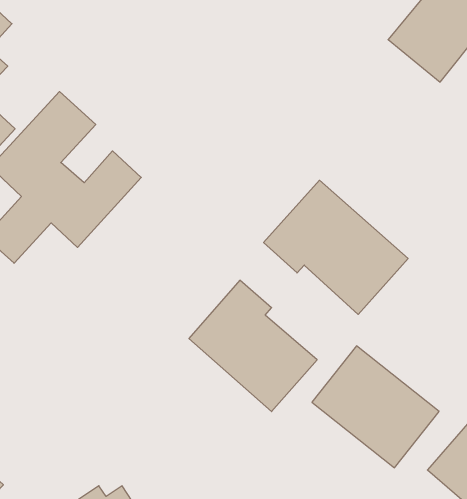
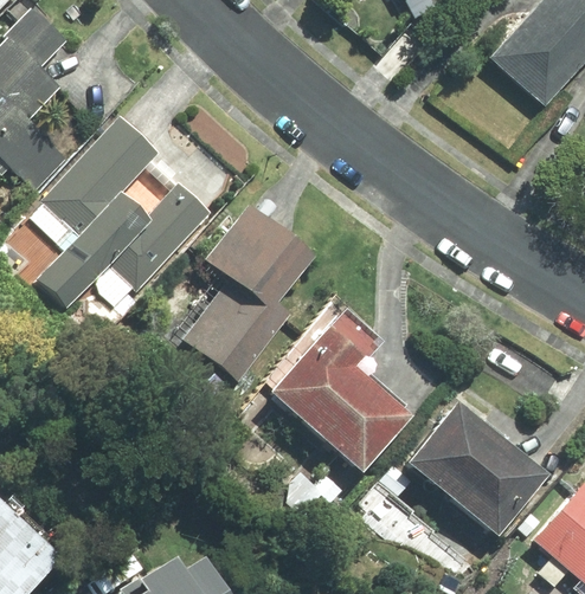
building: none -> [186,204,311,380]
building: [264,180,408,314] -> none

